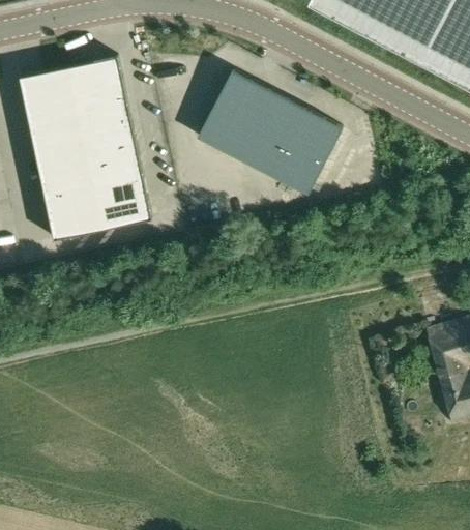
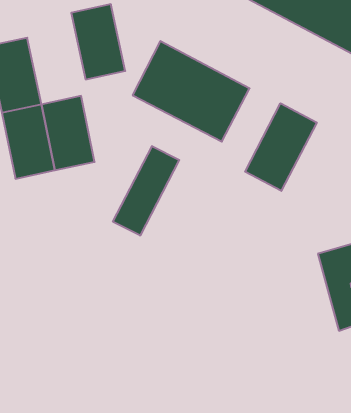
building: [67,56,134,148] -> [71,4,125,79]
building: none -> [245,103,317,191]
building: none -> [113,146,179,236]

